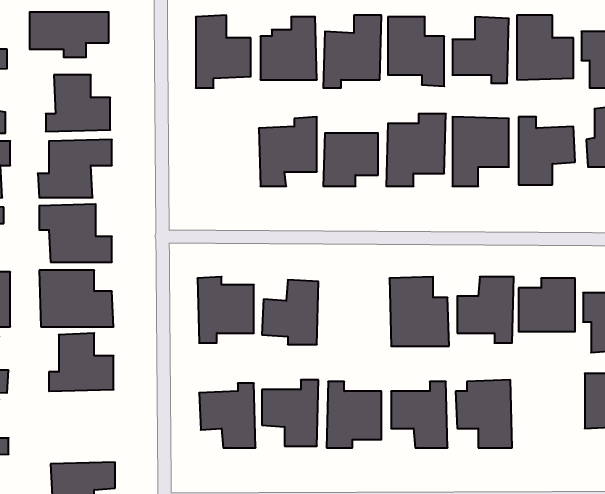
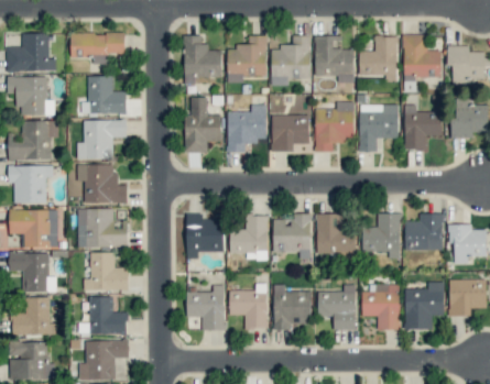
building: none -> [185,98,220,152]
building: none -> [273,213,312,259]
building: none -> [404,282,444,330]
building: none -> [89,297,127,334]

